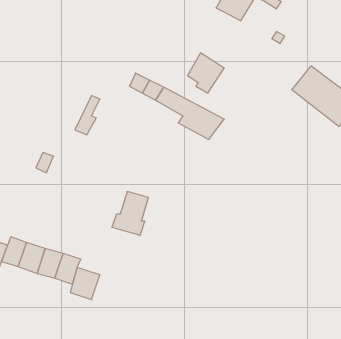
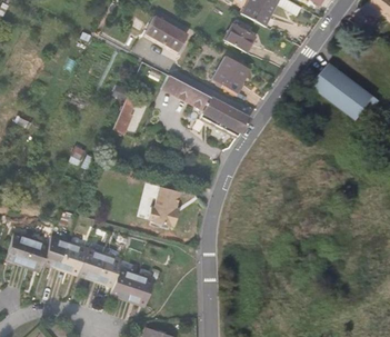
building: none -> [143,16,187,53]
building: none -> [223,22,256,52]
building: none -> [124,264,150,293]

